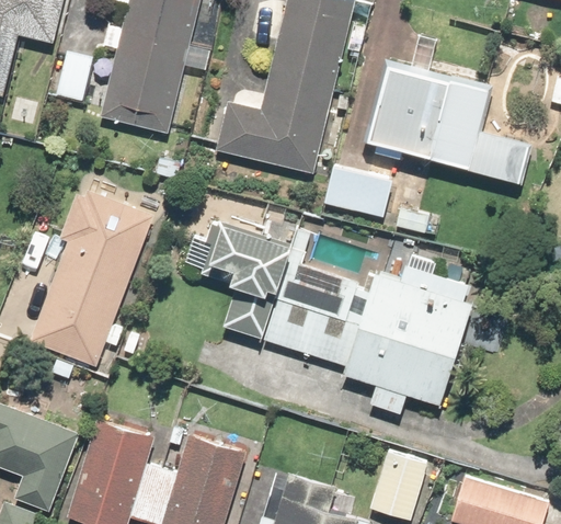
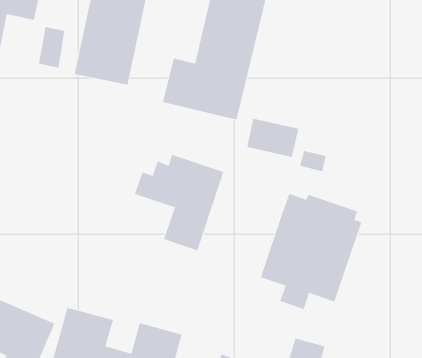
building: [370,38,528,181] -> none
building: [32,189,151,363] -> none
building: [263,261,370,368] -> none

